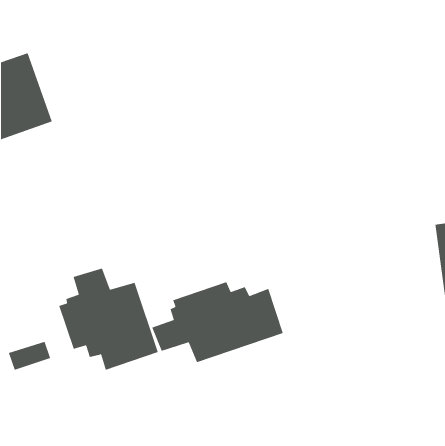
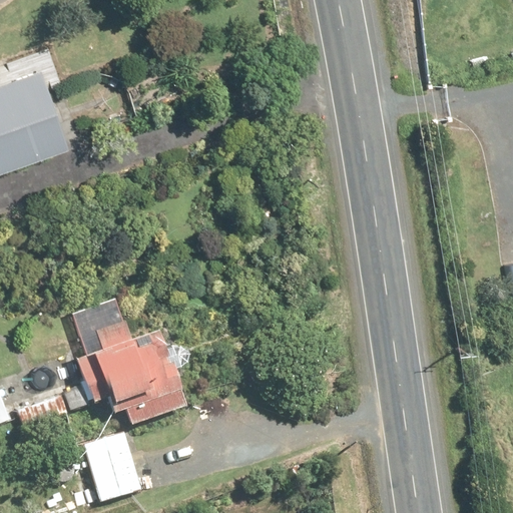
building: [151,281,284,363] -> none
building: none -> [82,433,144,504]

